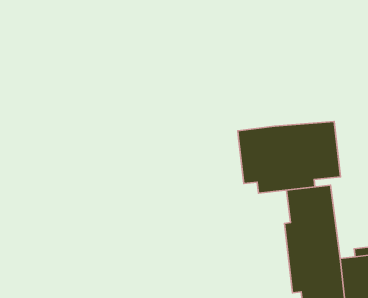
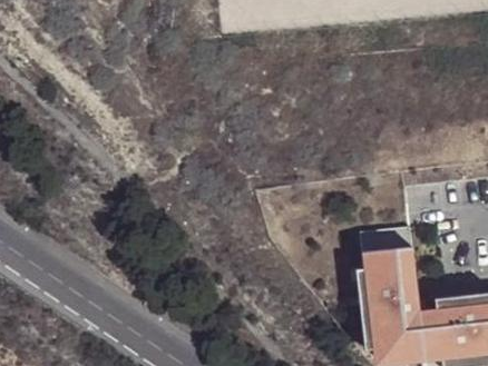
building: [238,121,341,193] -> none

